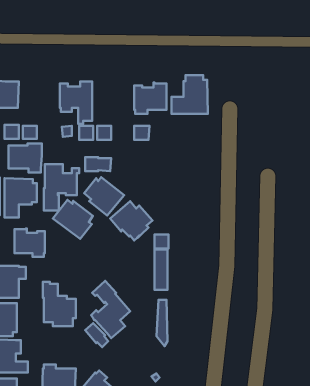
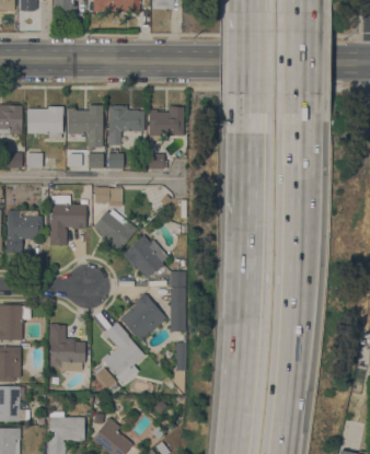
building: [171,75,208,114] -> none
building: none -> [109,105,144,136]
building: [9,143,42,173] -> [27,106,63,138]
building: [53,200,93,239] -> none
building: [14,228,45,257] -> none
building: none -> [120,294,167,341]

